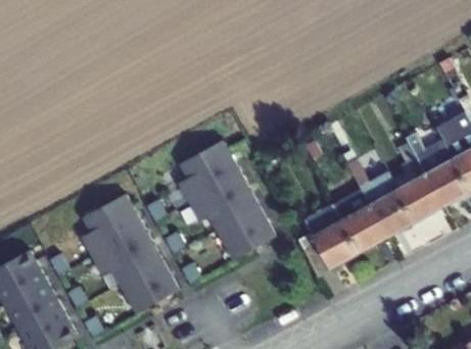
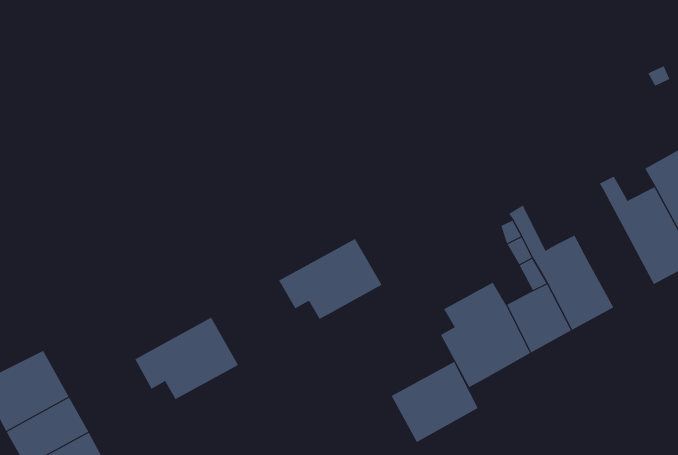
building: [178,140,241,203] -> none
building: [398,143,442,221] -> none
building: [82,194,144,256] -> none
building: [217,206,276,261] -> [391,361,479,443]
building: [120,260,179,314] -> none

